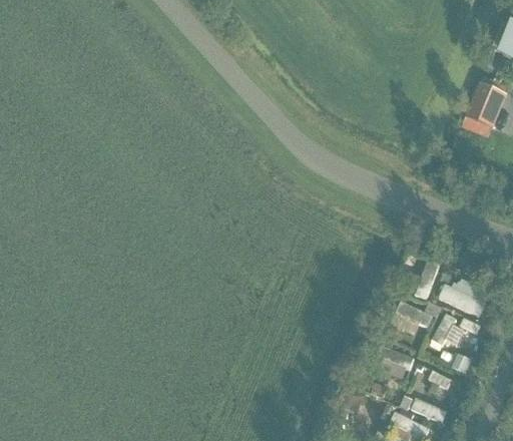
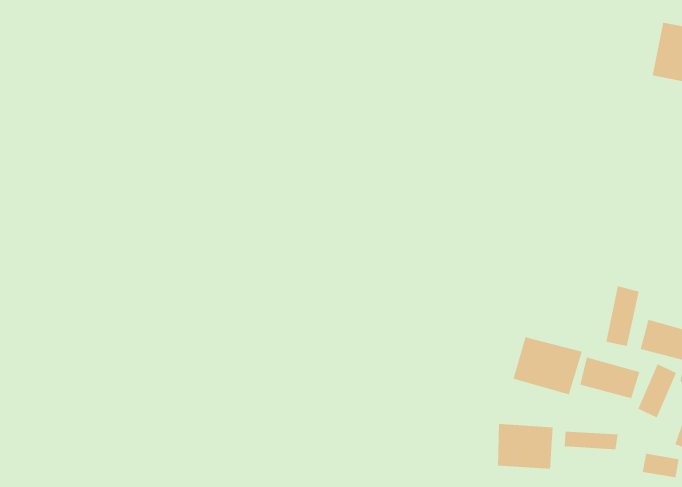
building: none -> [513,337,583,395]
building: none -> [498,423,553,469]

